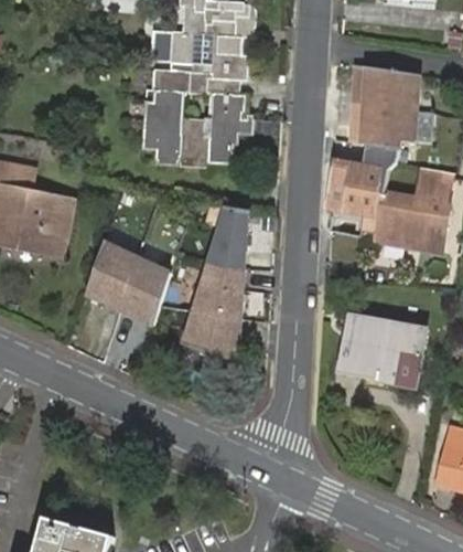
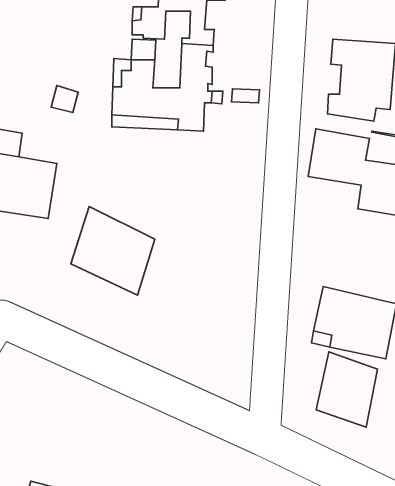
building: [182,204,251,360] -> none
building: none -> [316,352,378,427]

